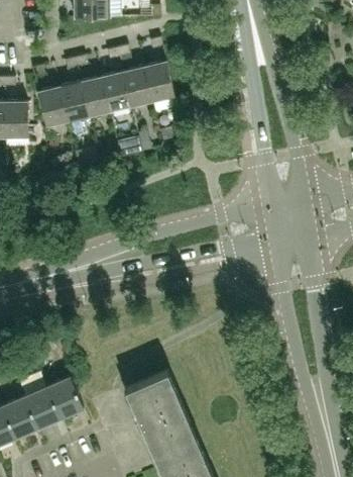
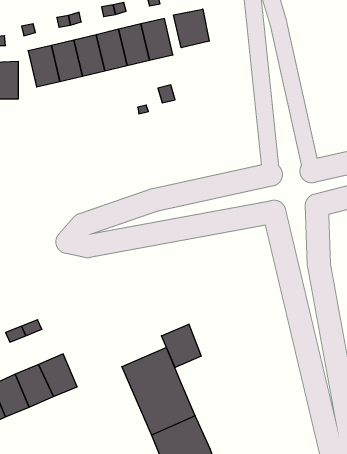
building: none -> [174,9,209,48]
building: none -> [161,324,201,368]

